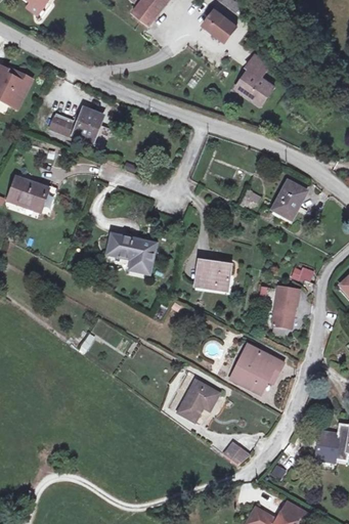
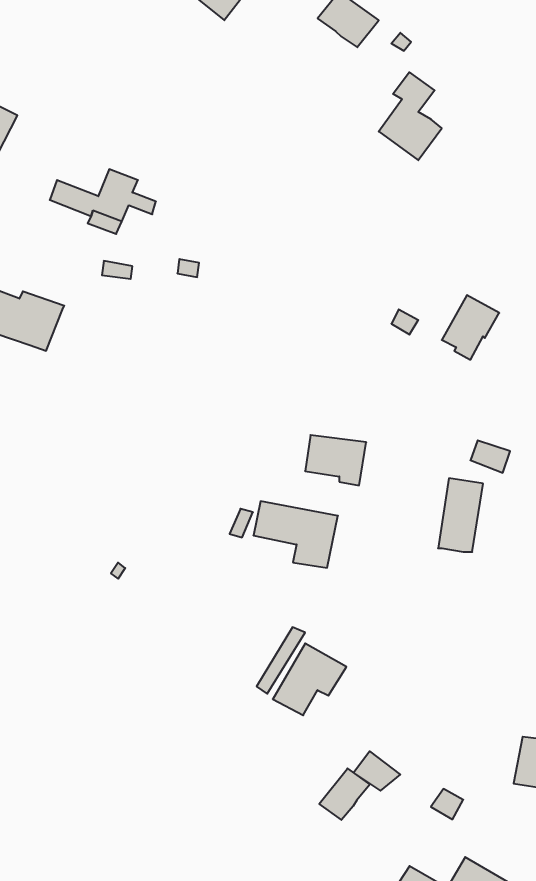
building: [106,234,155,272] -> [253,501,338,568]
building: [231,344,285,393] -> none
building: none -> [319,768,370,820]

